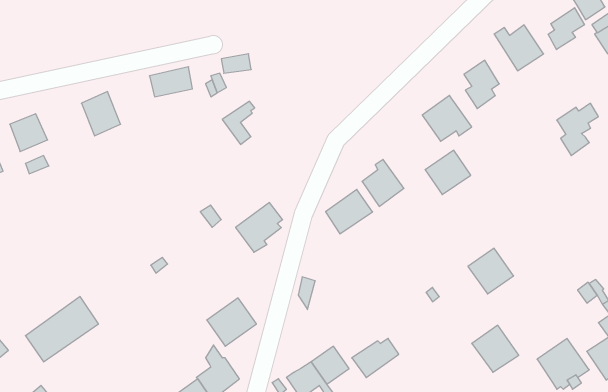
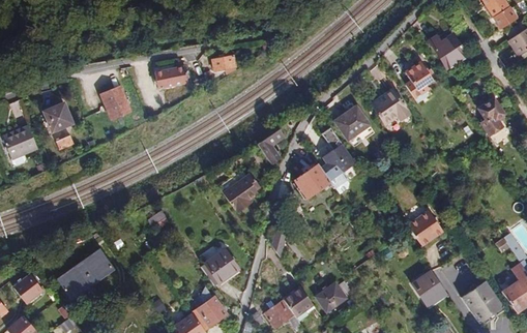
building: [548,8,584,50] -> none
building: [222,101,255,144] -> [257,128,283,162]
building: [425,150,471,195] -> [333,104,370,140]

